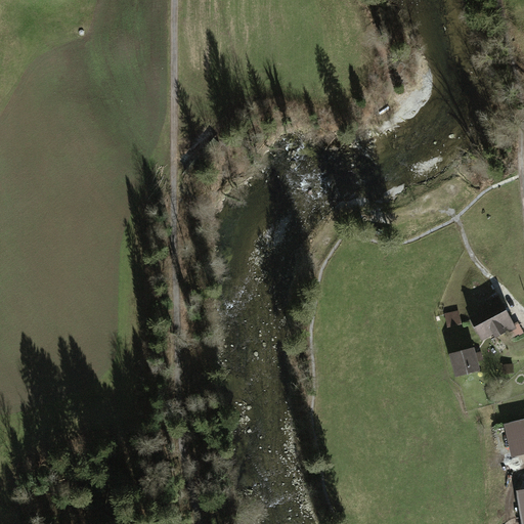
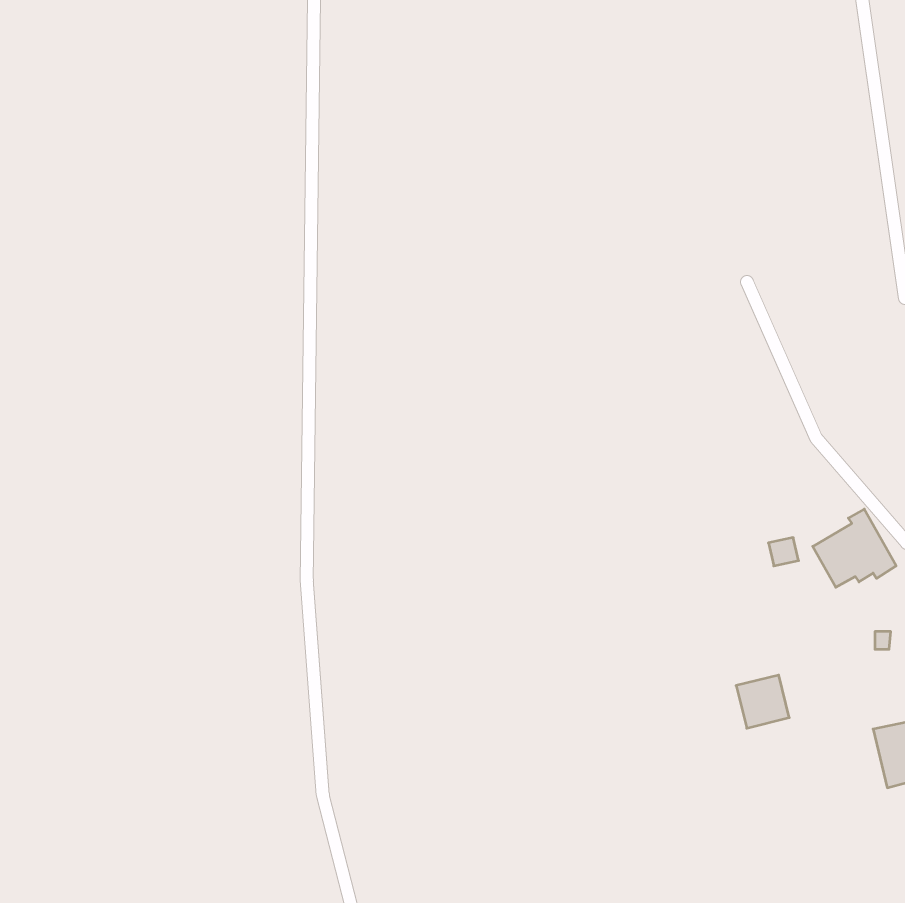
building: [448,347,479,378] -> [736,675,789,728]

